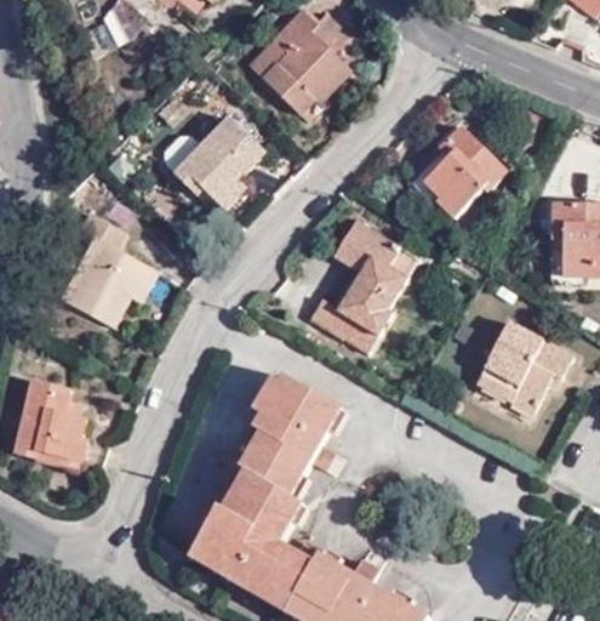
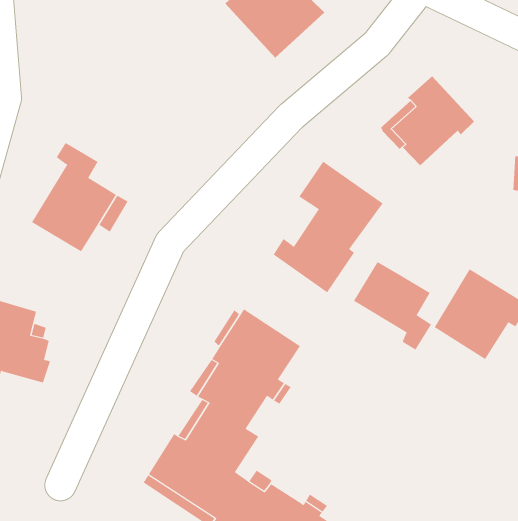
building: [162,116,265,211] -> none
building: none -> [353,261,432,350]

